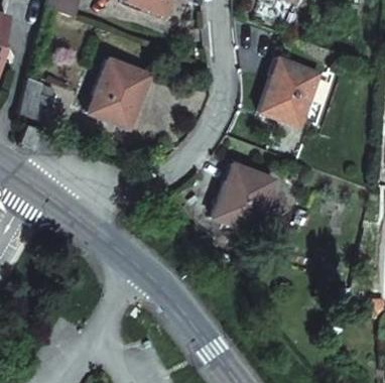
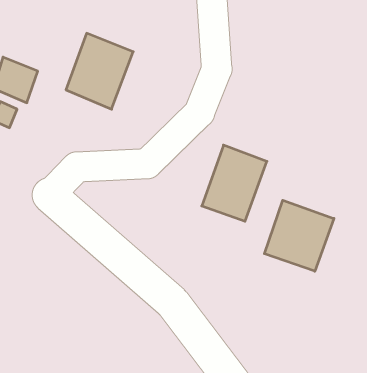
building: [256,57,318,128] -> none
building: none -> [264,200,334,271]

